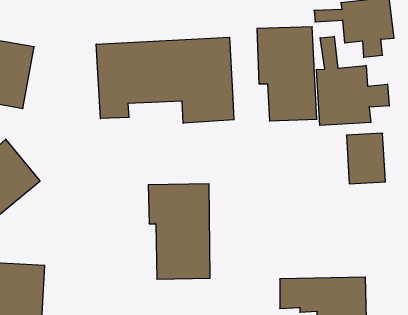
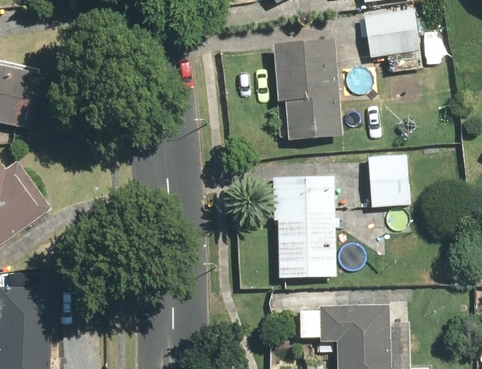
building: [317,36,389,125] -> none
building: [96,37,234,123] -> none
building: [148,184,210,279] -> [270,177,335,277]

